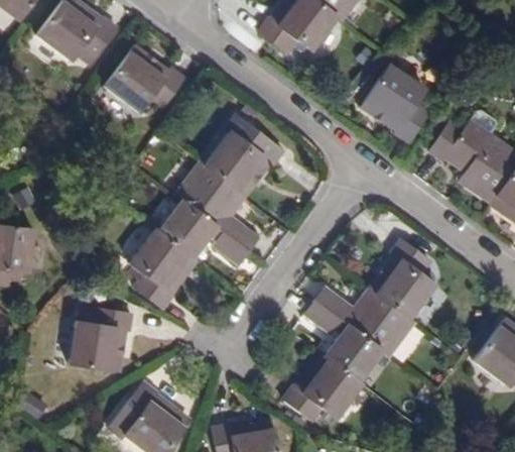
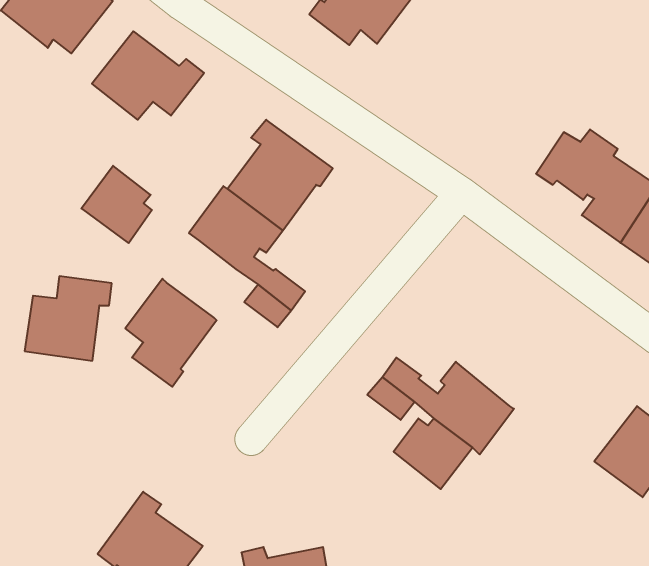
building: [361,67,427,145] -> none
building: [159,200,211,256] -> [81,166,152,243]
building: [370,240,435,321] -> none
building: [70,310,133,371] -> [25,276,112,361]
building: [282,352,361,420] -> none

